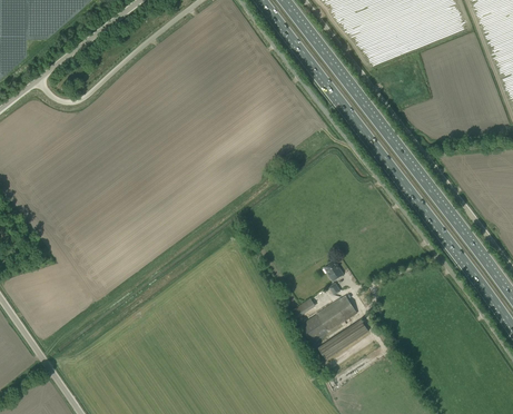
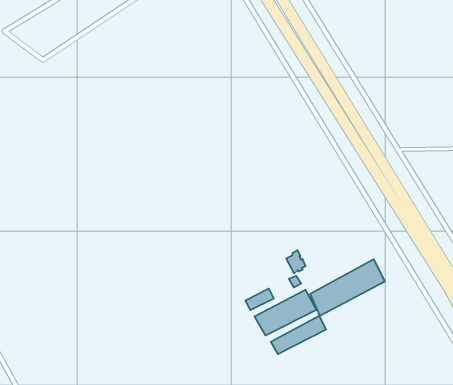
building: none -> [310,259,385,316]

